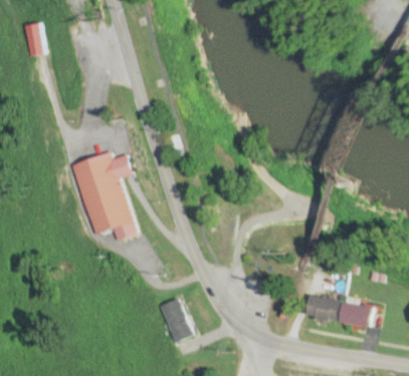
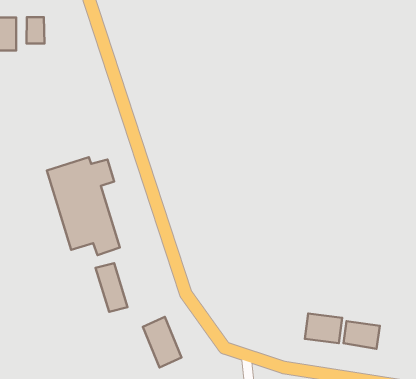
building: none -> [27,17,44,44]
building: none -> [96,263,128,312]

